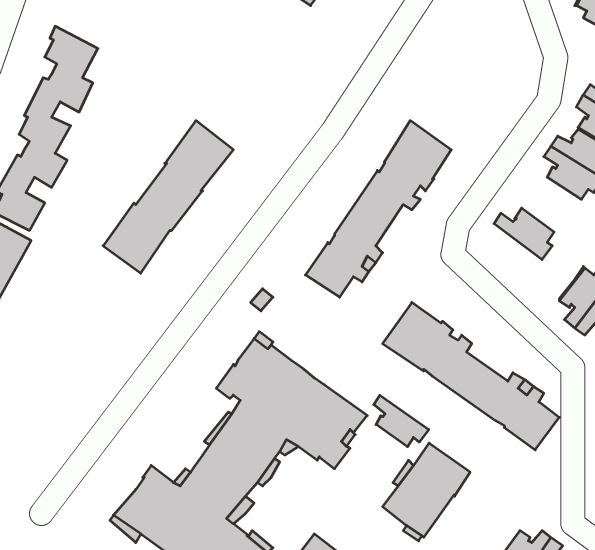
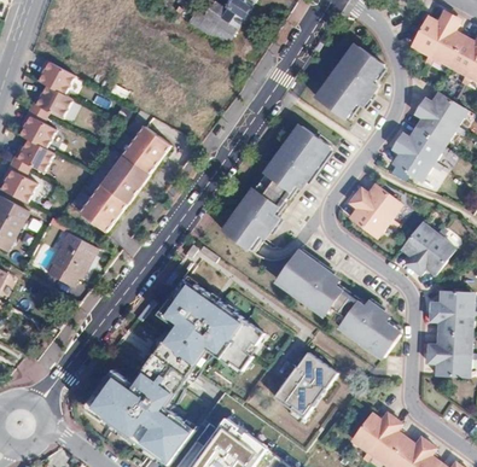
building: none -> [318,48,382,119]
building: none -> [349,197,389,235]
building: none -> [48,230,97,284]
building: [374,395,429,447] -> none

